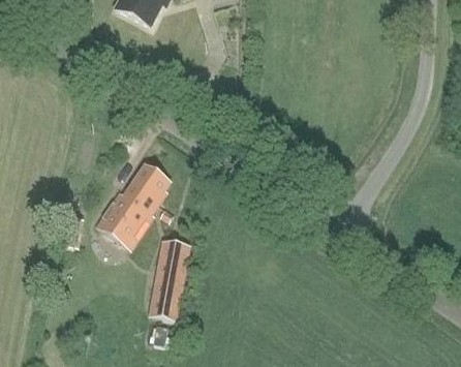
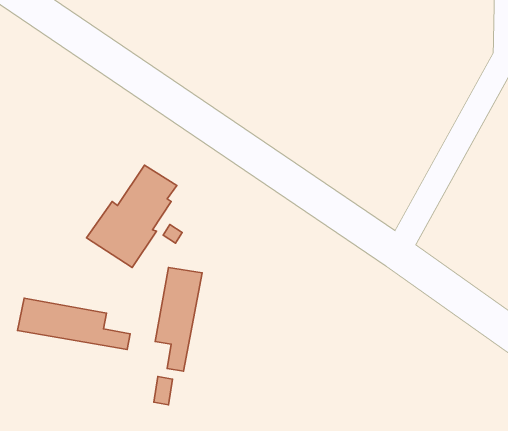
building: none -> [17,298,130,350]

